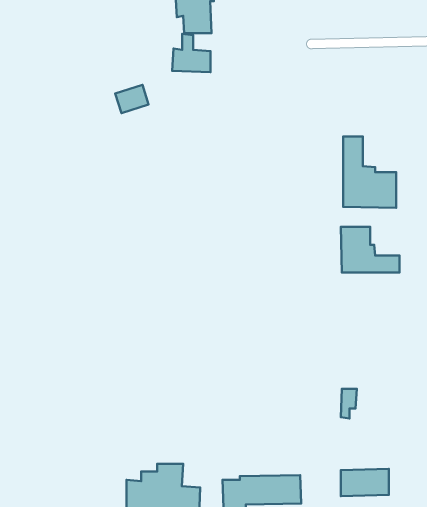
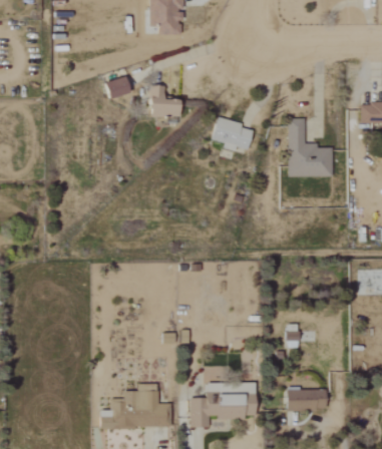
building: [172,34,210,72] -> [148,85,179,116]
building: none -> [212,118,253,150]
building: [341,227,400,272] -> none

